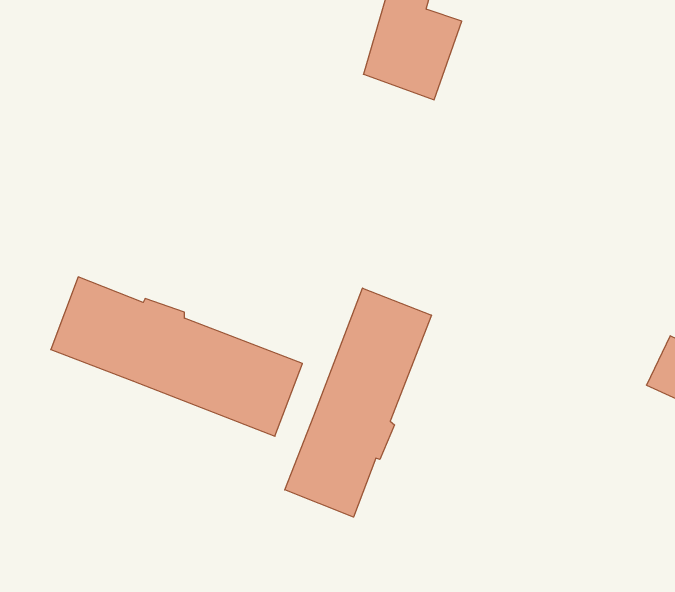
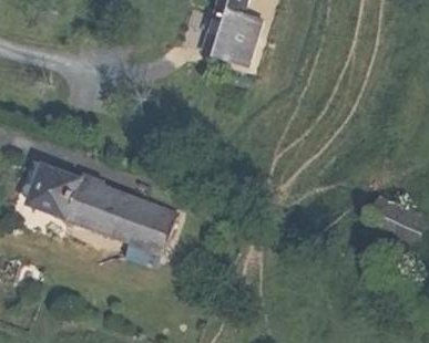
building: [285,288,431,517] -> none

